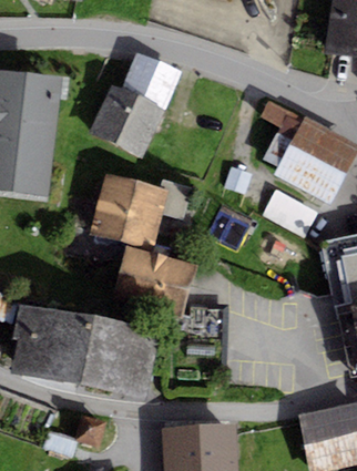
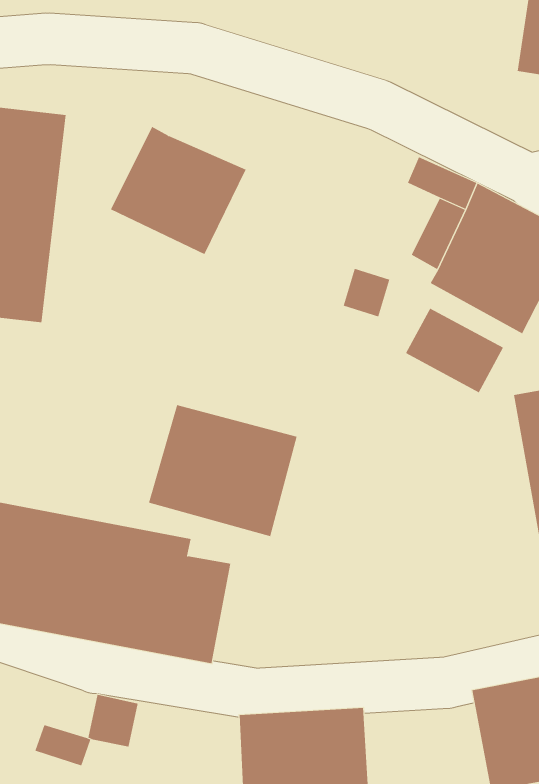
building: [122,52,183,109] -> none
building: [88,173,167,249] -> none

